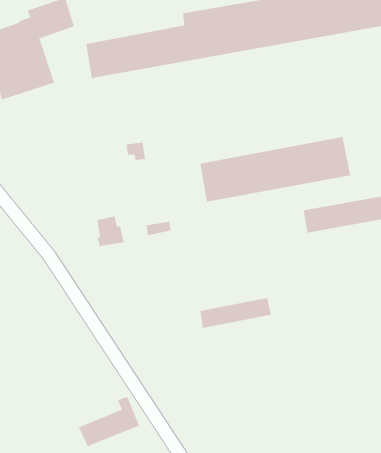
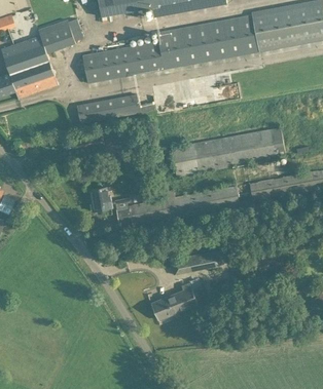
building: none -> [76,93,155,122]
building: none -> [115,188,238,226]
building: [78,396,140,447] -> [150,280,198,319]

